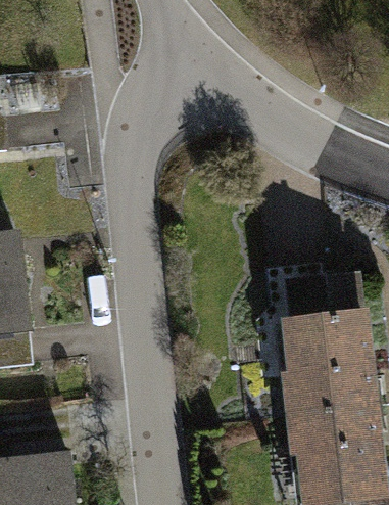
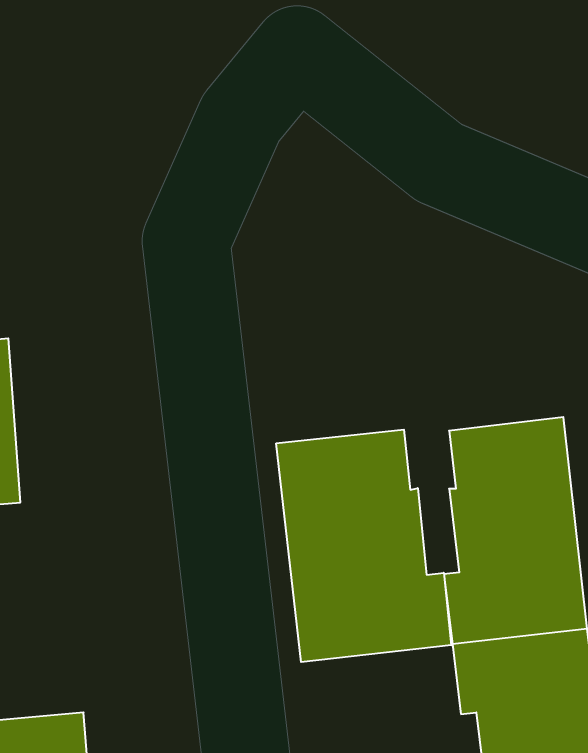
building: none -> [276,430,451,662]

